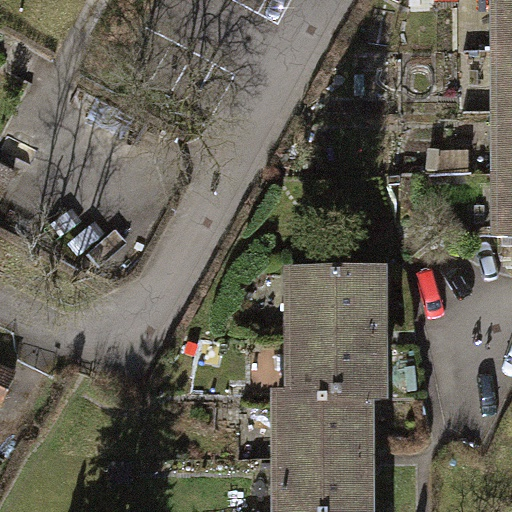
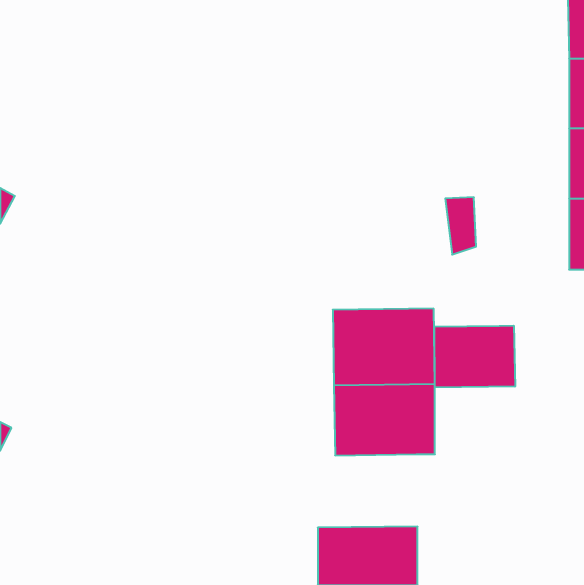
building: none -> [434,326,515,387]
building: [279,396,366,460] -> none

